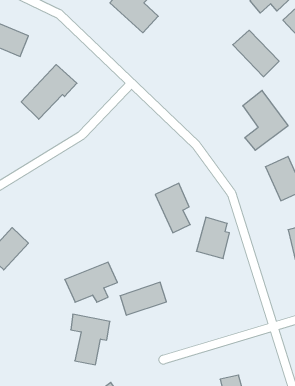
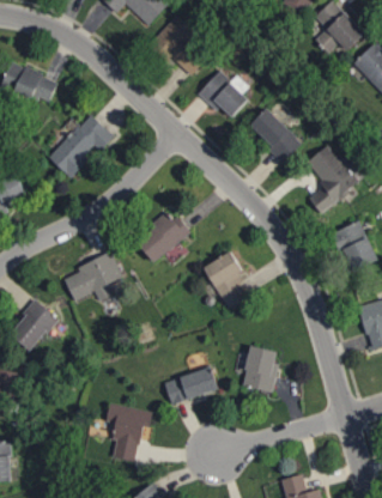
building: none -> [198,69,253,115]
building: [233,30,279,77] -> [248,108,302,162]
building: none -> [135,214,190,263]
building: [196,217,229,259] -> [241,345,279,393]
building: [65,262,117,302] -> [62,254,123,300]

